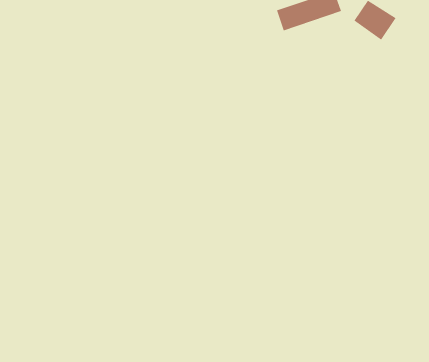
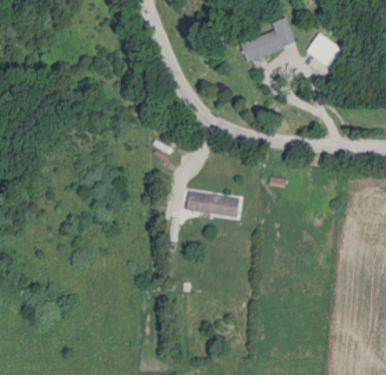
building: none -> [185,191,240,218]

